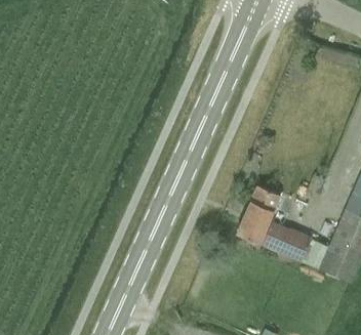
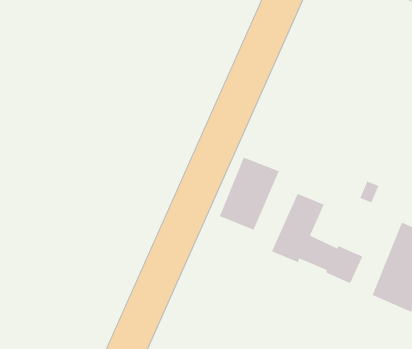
building: none -> [219,157,280,230]

